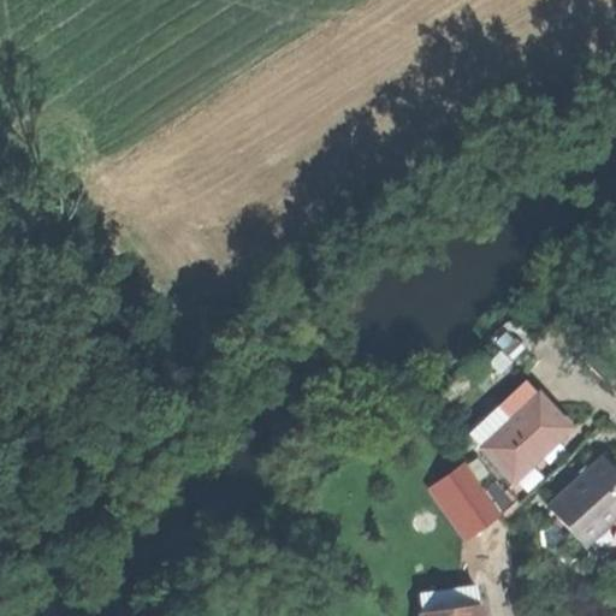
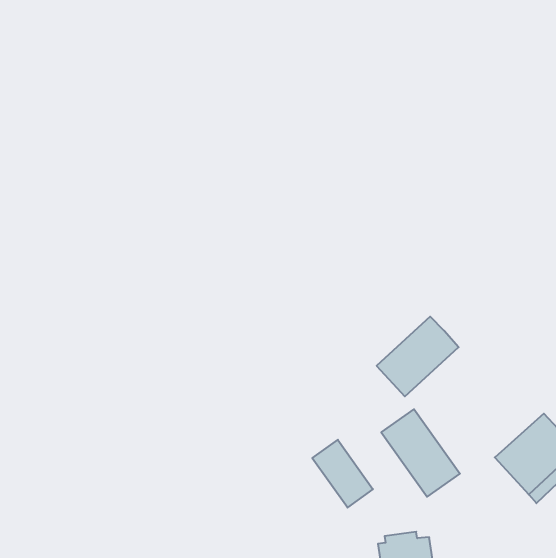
building: [480,392,570,480] -> [377,317,459,396]
building: none -> [312,440,373,508]

